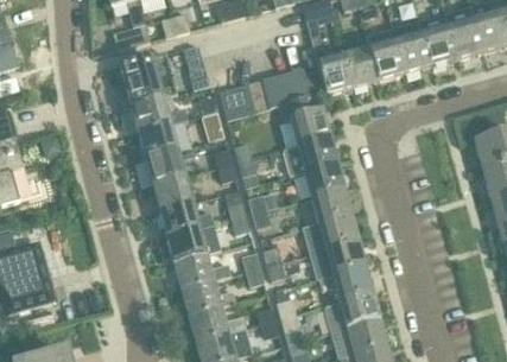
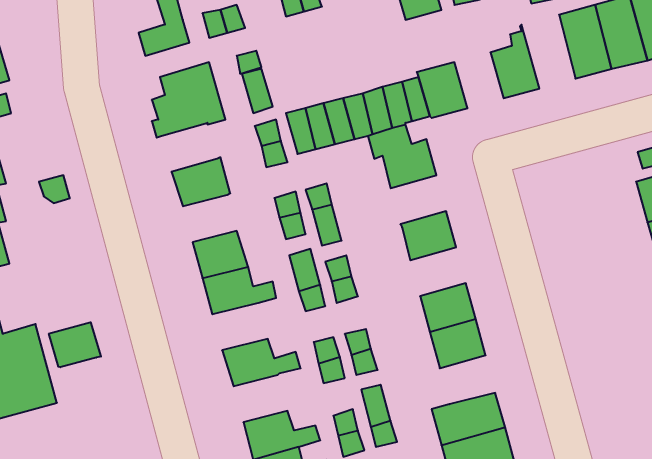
building: [391,19,430,72] -> none
building: [342,46,378,87] -> none
building: [129,97,188,133] -> none
building: [284,135,336,177] -> none
building: [145,150,184,184] -> none
building: [310,188,350,223] -> none
building: [166,228,221,262] -> none
building: none -> [49,322,101,367]
building: [321,266,372,301] -> none
building: [182,280,235,315] -> none

